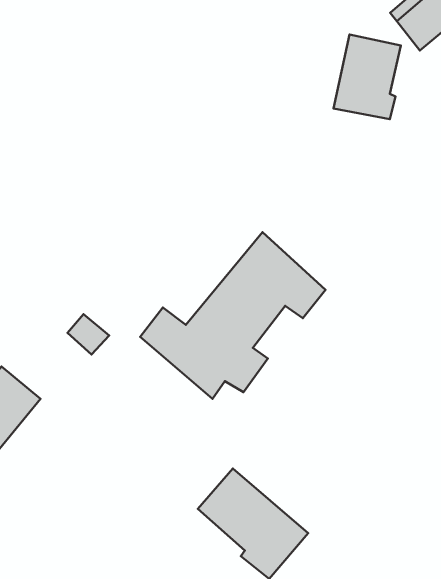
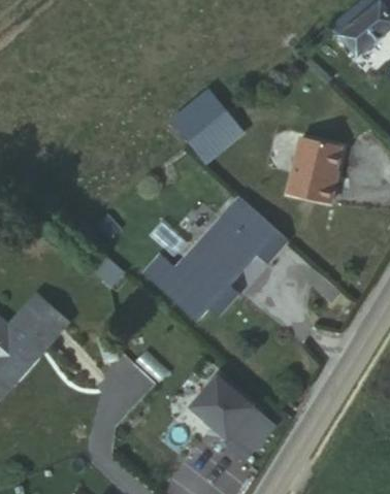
building: [334,35,401,119] -> [286,138,337,203]
building: none -> [167,90,243,167]

